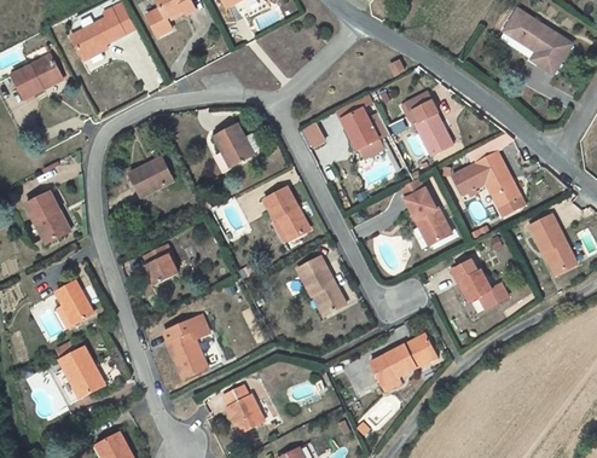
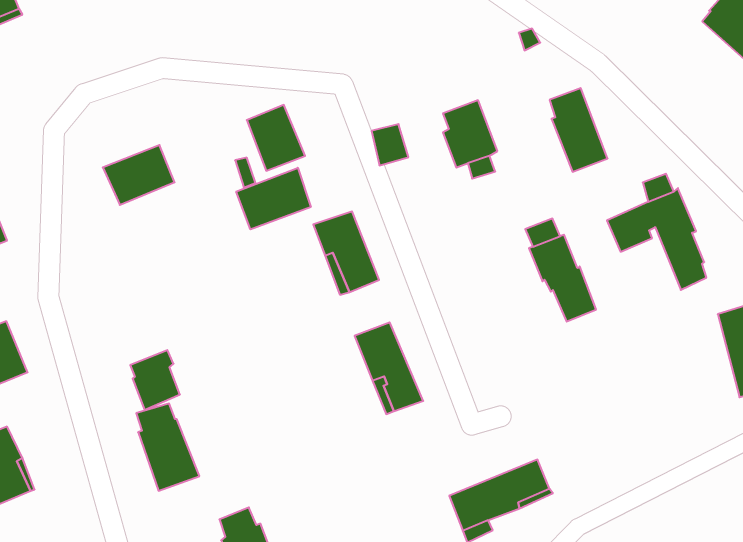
building: none -> [236,168,311,229]
building: [143,244,176,284] -> [130,350,180,410]
building: [451,257,508,311] -> none

